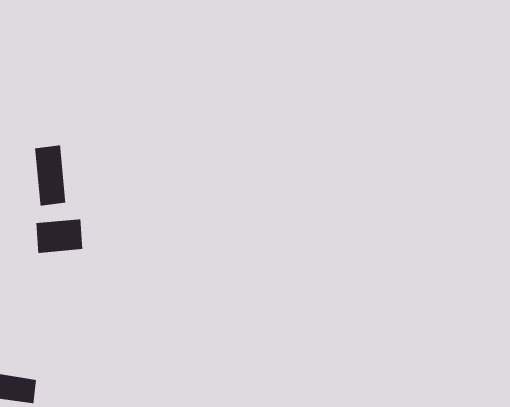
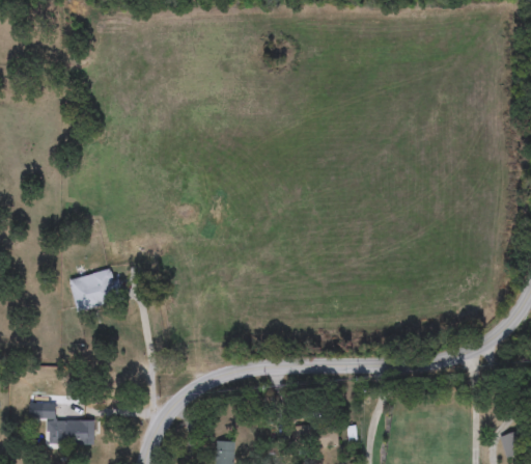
building: [35,144,66,206] -> none

